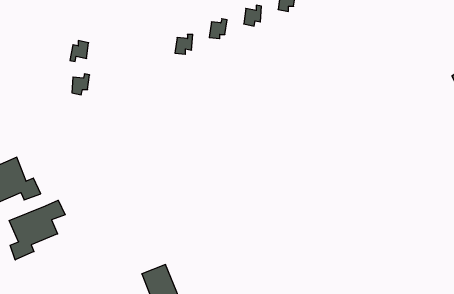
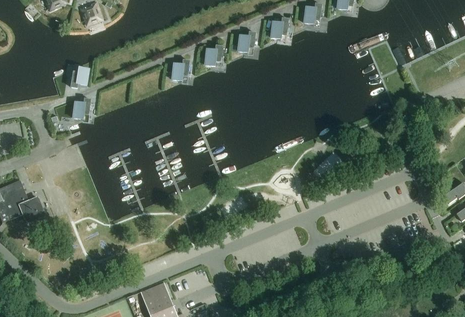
building: [9,200,65,260] -> none

